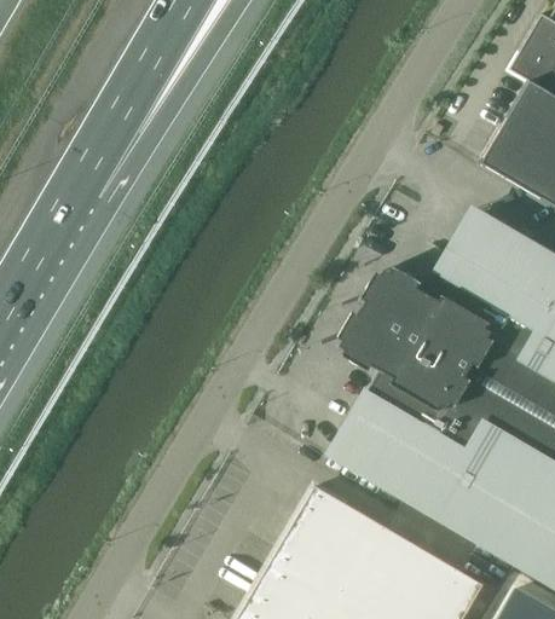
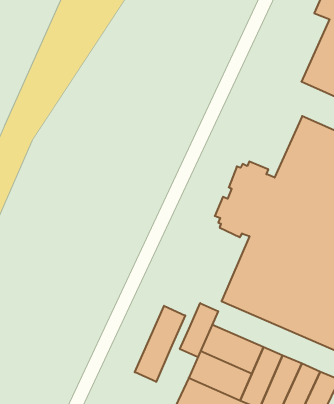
building: none -> [135,306,185,382]
building: none -> [180,303,218,357]

